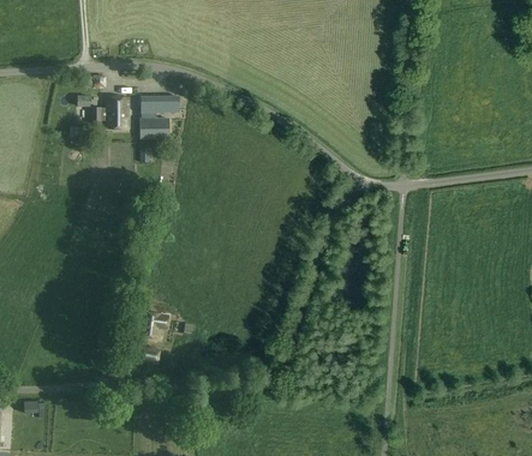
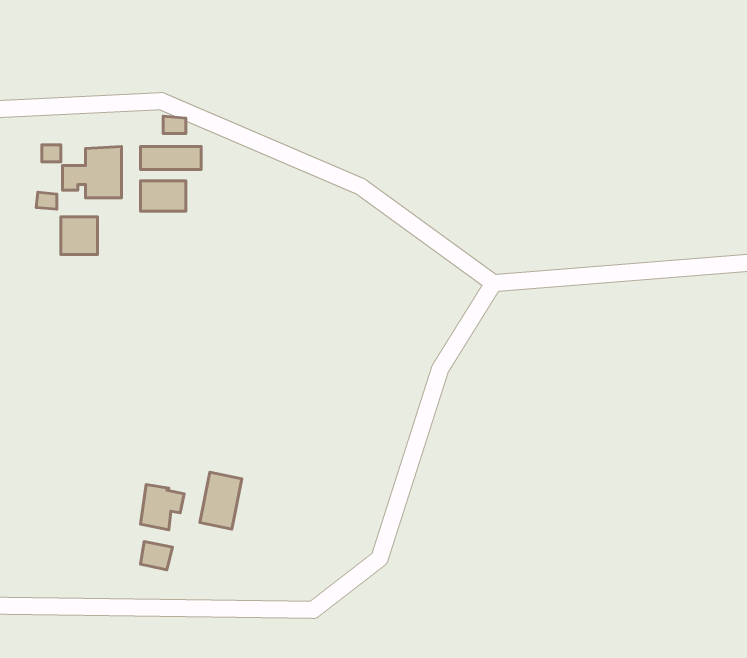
building: none -> [61,217,98,254]
building: none -> [200,472,242,529]

